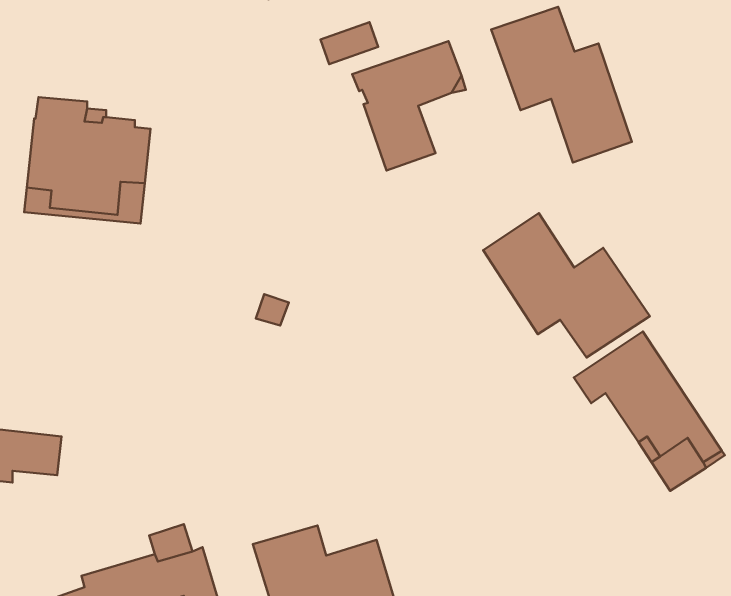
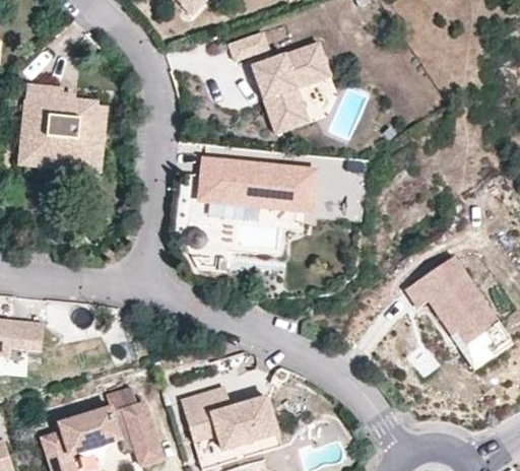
building: [491,7,632,163] -> none
building: none -> [202,159,315,211]
building: [483,213,650,358] -> none

